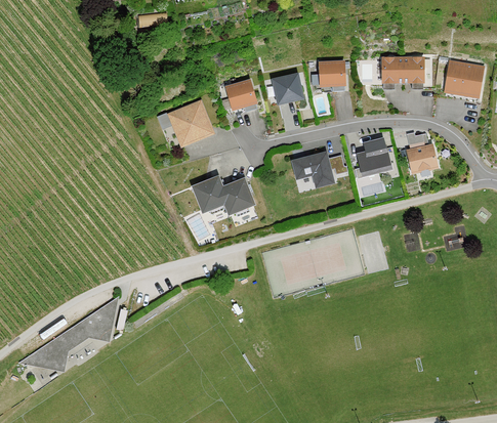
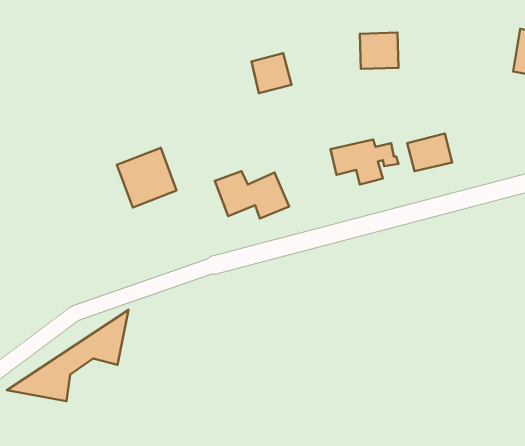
building: [380,56,424,83] -> none
building: [273,74,298,102] -> none
building: [164,98,214,149] -> [117,148,177,207]
building: [406,142,438,172] -> none

